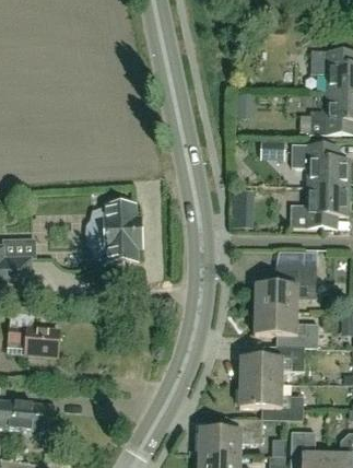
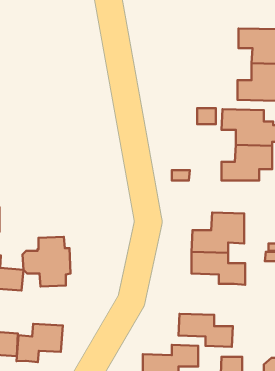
building: [86,203,142,261] -> [23,237,70,287]
building: [240,347,304,383] -> none
building: none -> [17,324,63,362]

